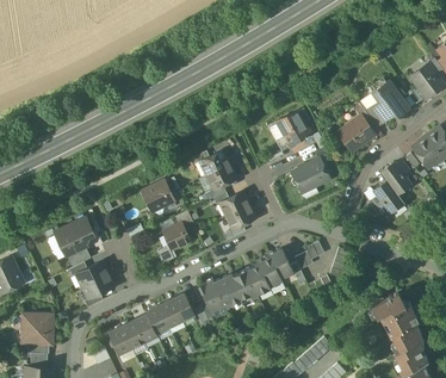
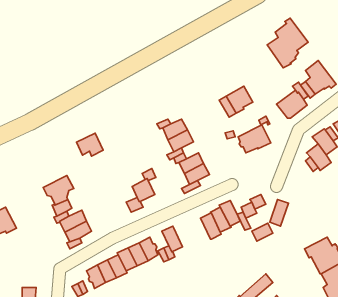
building: none -> [267,18,308,68]
building: [142,180,174,207] -> [77,133,103,156]
building: [213,269,259,308] -> none
building: [21,312,54,347] -> none

